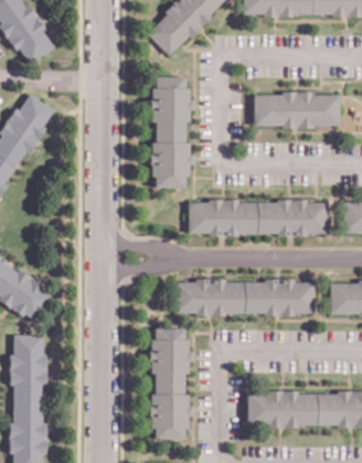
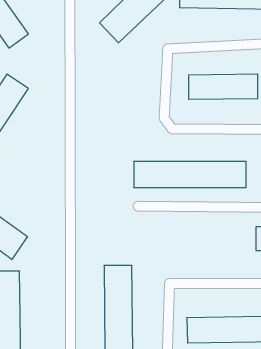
building: [148,79,184,190] -> none
building: [173,286,310,314] -> none

